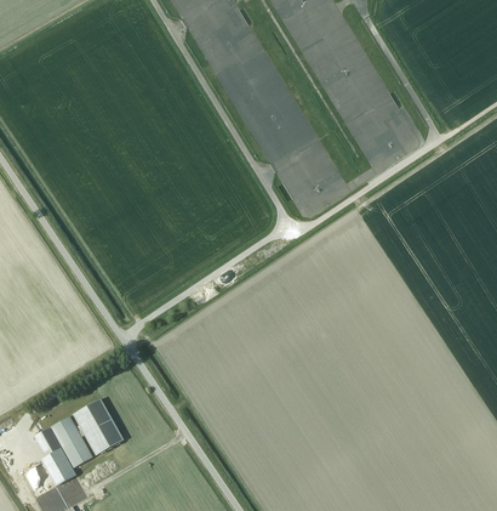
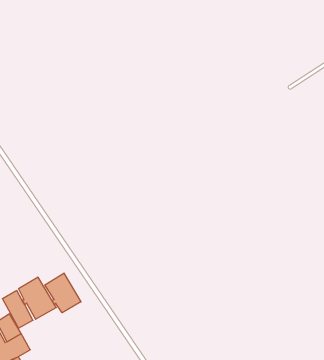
building: none -> [45,273,81,313]

